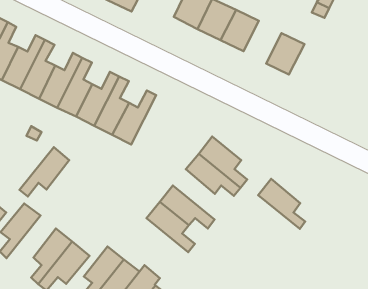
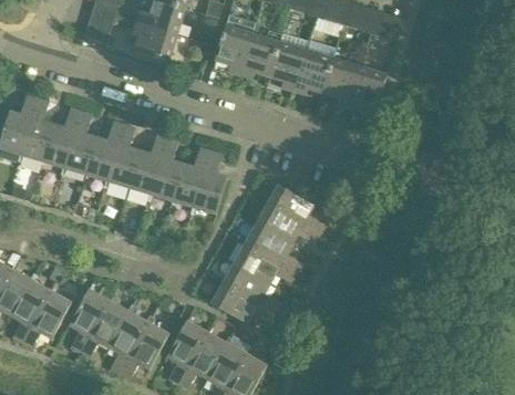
building: none -> [295,49,332,93]
building: none -> [348,65,385,108]
building: none -> [192,147,226,211]
building: [20,147,69,196] -> [79,298,126,355]
building: [258,179,305,229] -> [244,221,299,270]
building: none -> [209,281,272,321]

